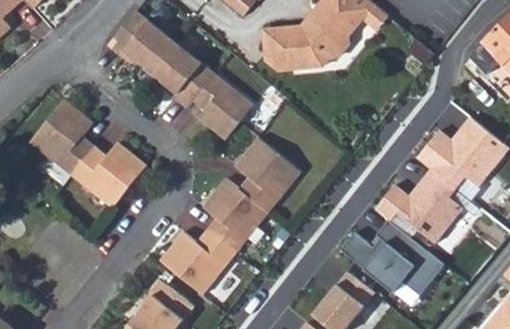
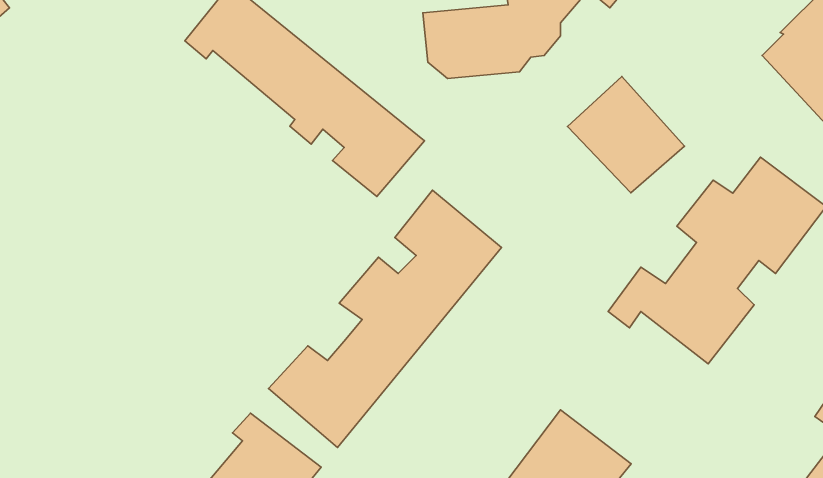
building: none -> [567,76,684,193]
building: [36,102,153,213] -> none
building: [331,222,440,296] -> none

